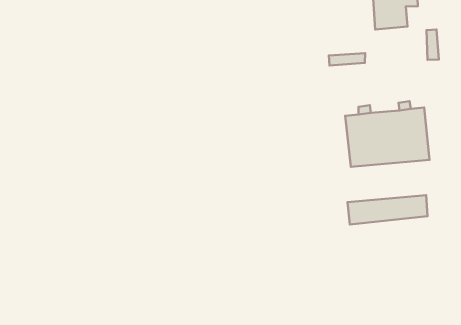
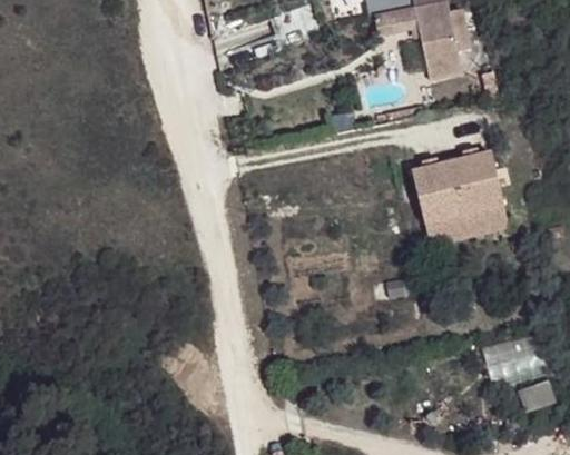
building: [347,195,427,224] -> [425,205,509,246]

